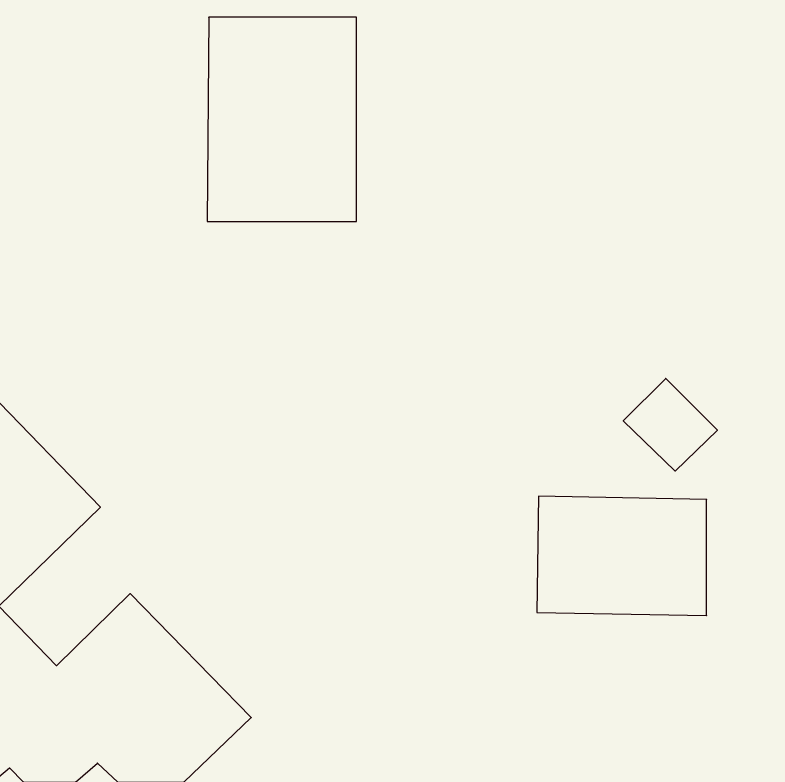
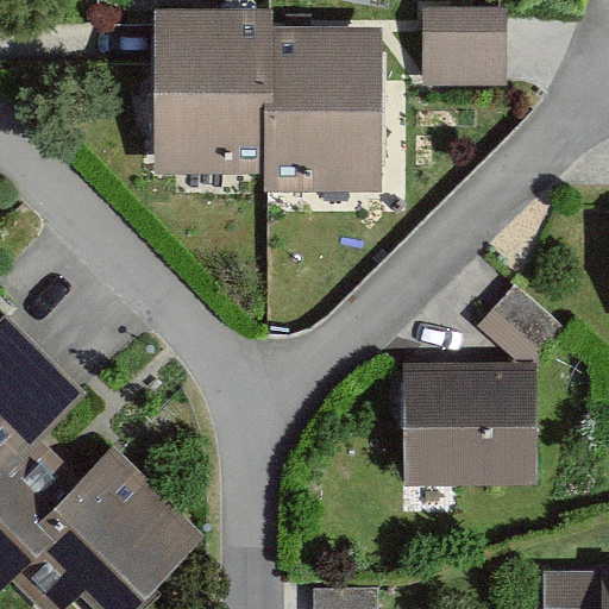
building: none -> [414,6,496,81]
building: none -> [270,34,379,183]

